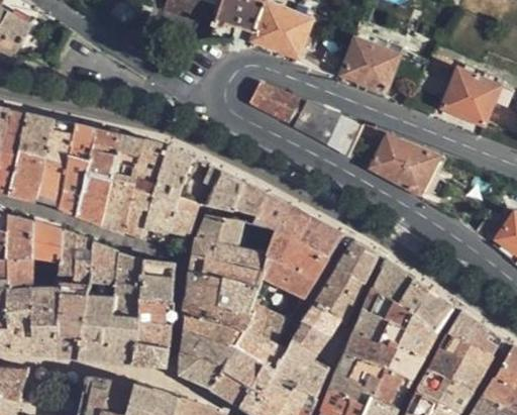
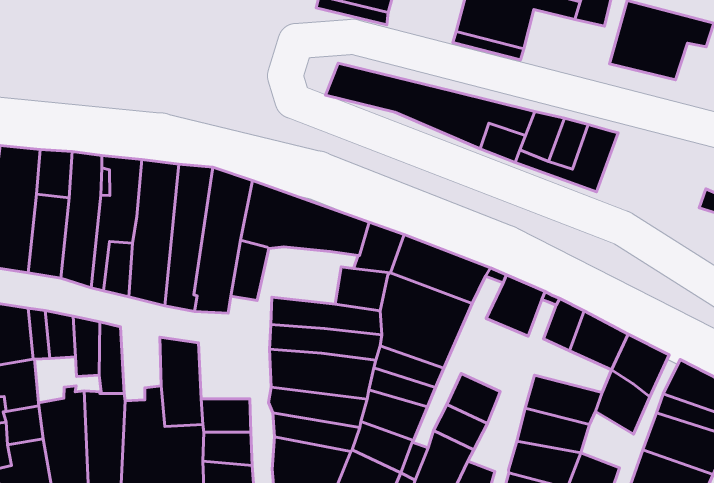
building: [196,214,244,245] -> none
building: [90,242,118,293] -> none
building: [140,260,175,301] -> none
building: [315,268,363,324] -> none
building: [364,286,415,326] -> none
building: [388,338,424,378] -> none

